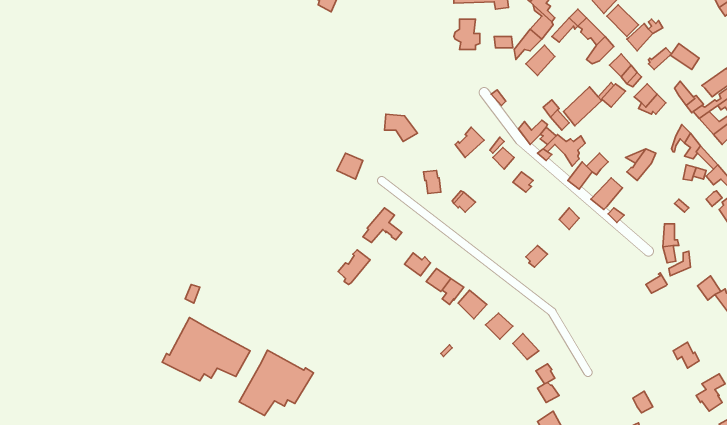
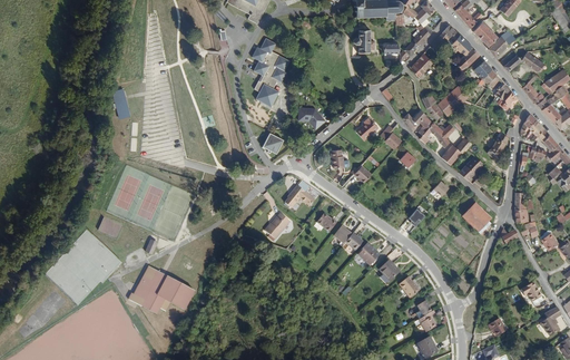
building: none -> [253,35,291,104]
building: none -> [463,200,493,233]
building: [239,350,314,416] -> none

